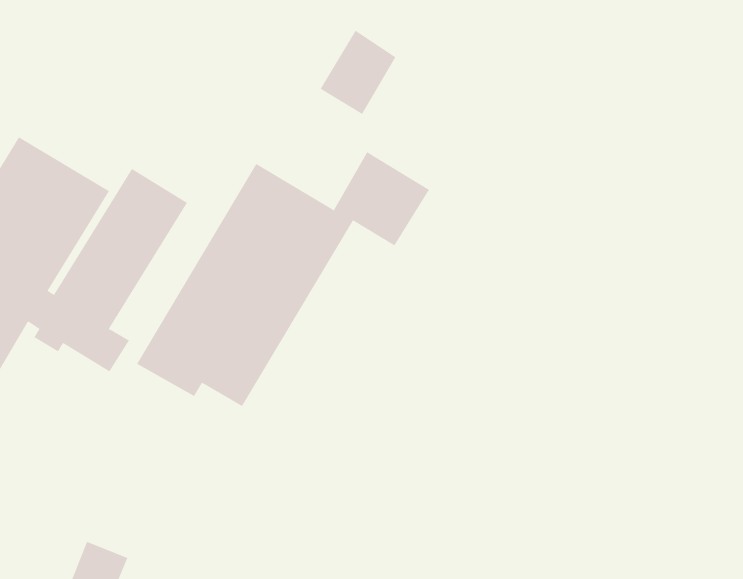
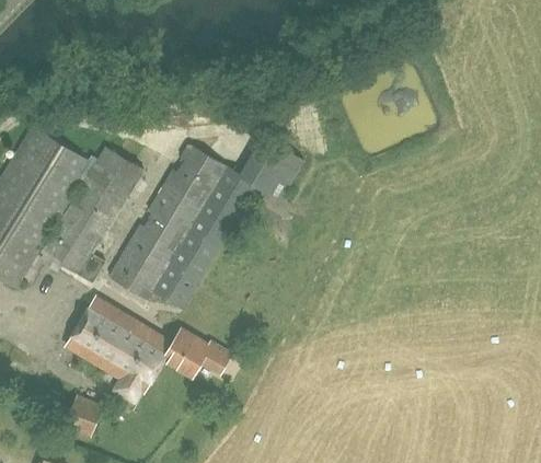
building: [320,30,396,115] -> none
building: none -> [67,299,230,397]

